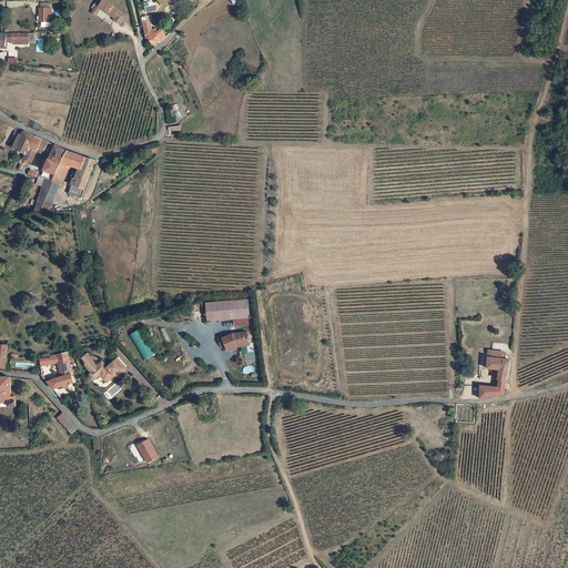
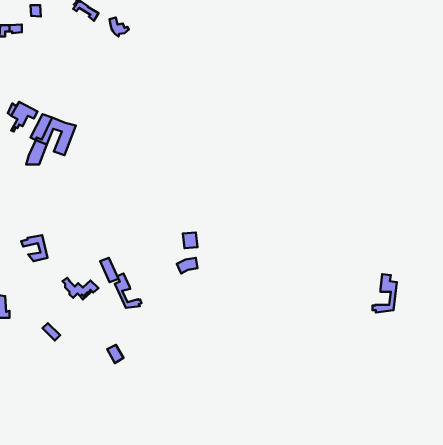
building: [207,297,235,320] -> none
building: none -> [115,274,142,308]
building: [38,354,71,387] -> [21,235,47,261]

